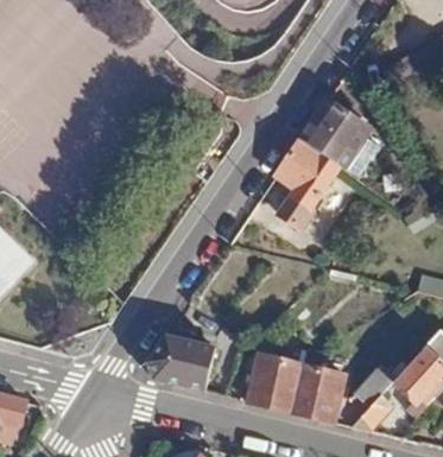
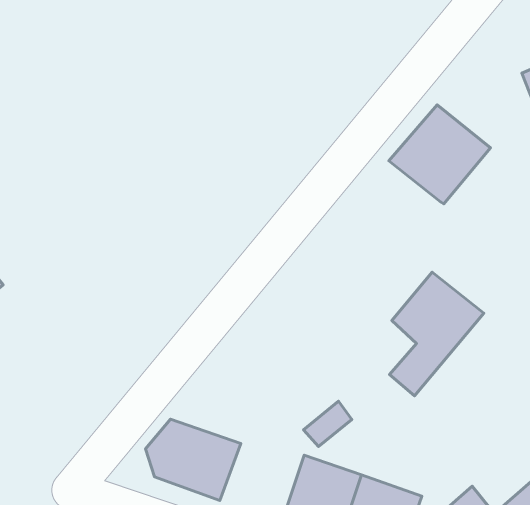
building: [270,142,334,230] -> [389,272,484,396]

